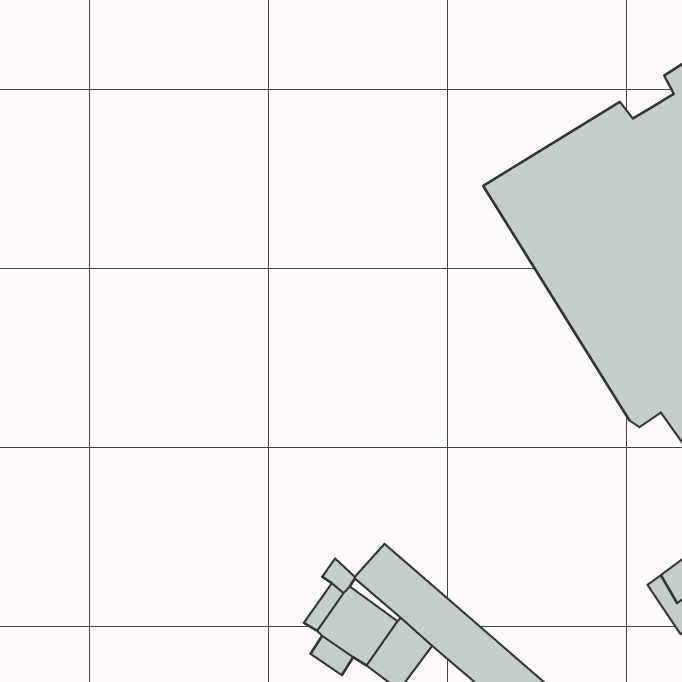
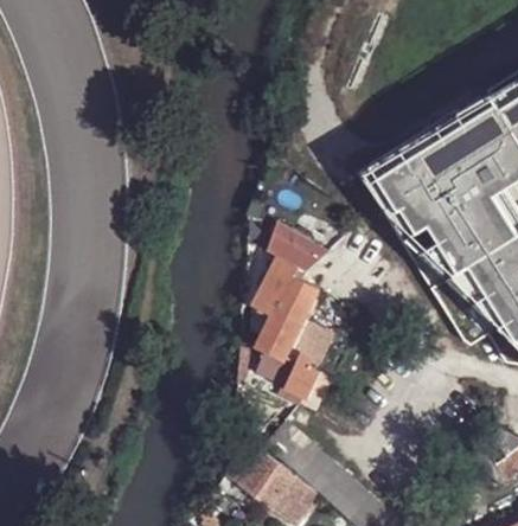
building: none -> [252,222,334,406]

